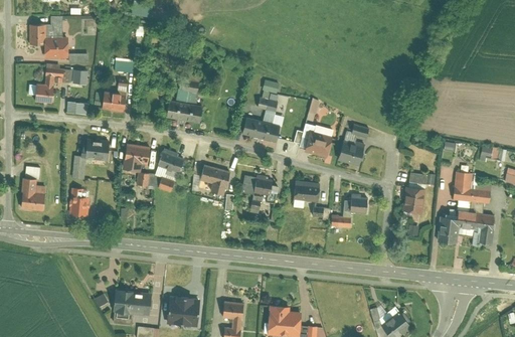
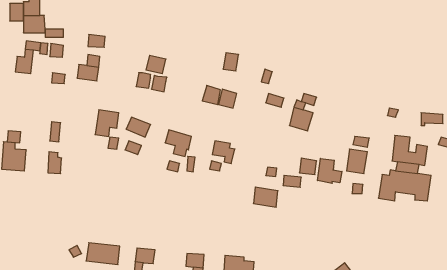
building: [302,134,329,157] -> none
building: [84,141,110,159] -> none
building: [293,180,320,202] -> [253,187,278,207]
building: none -> [318,158,342,183]

